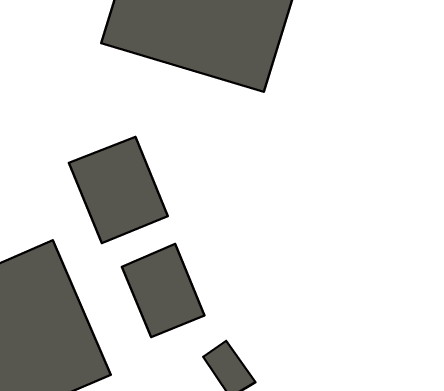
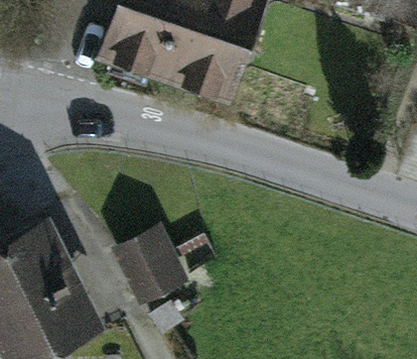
building: [69,137,168,243] -> none

